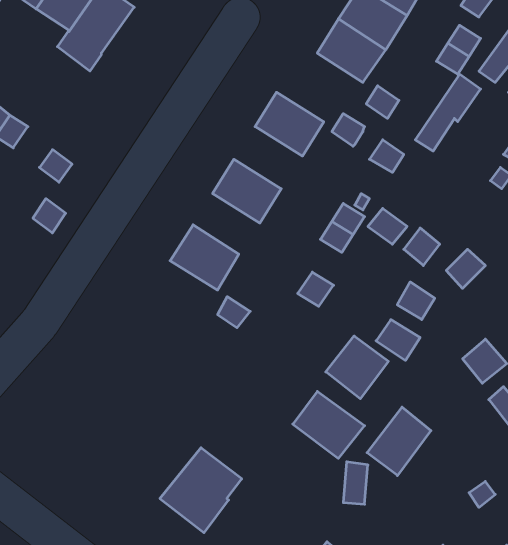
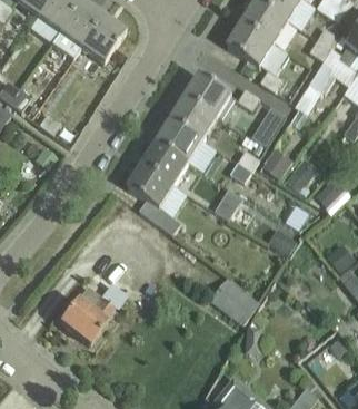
building: none -> [80,14,125,61]
building: none -> [170,96,217,138]
building: none -> [142,142,188,183]
building: [326,336,388,399] -> none
building: [367,407,431,476] -> none
building: [160,448,242,533] -> [59,285,115,343]

